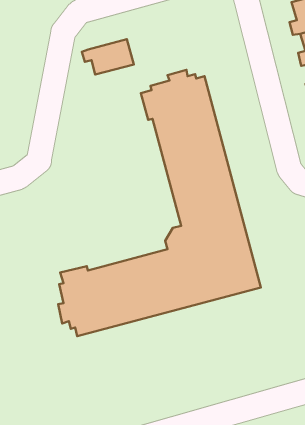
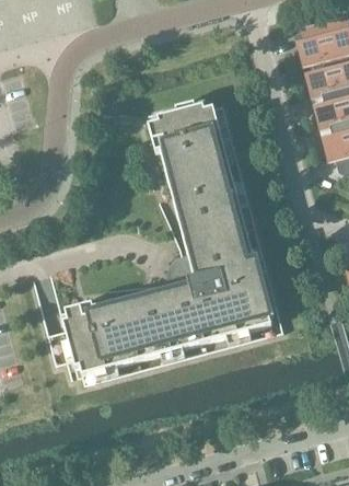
building: [82,39,134,75] -> none

